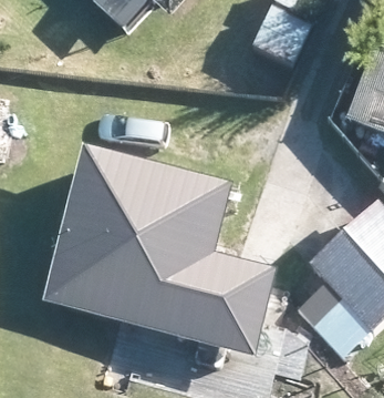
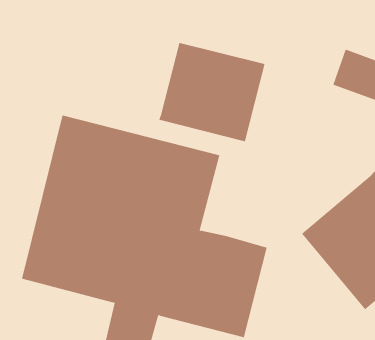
building: none -> [159,42,265,142]

